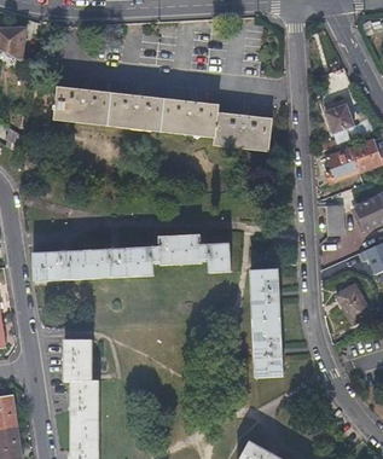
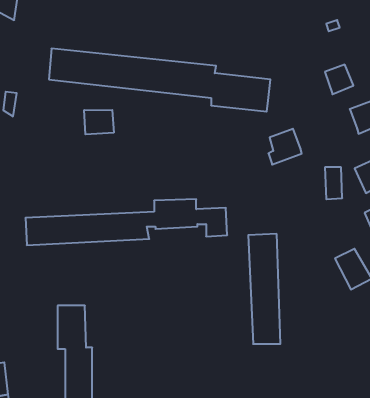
building: [325,146,358,181] -> [268,129,302,165]
building: none -> [84,110,114,134]

